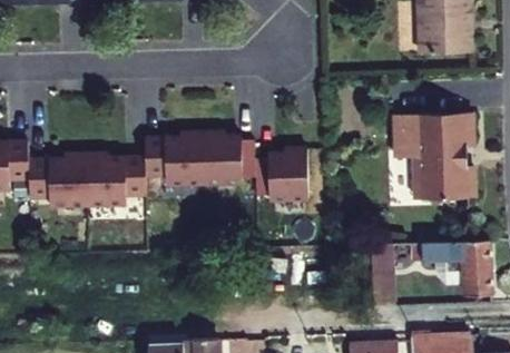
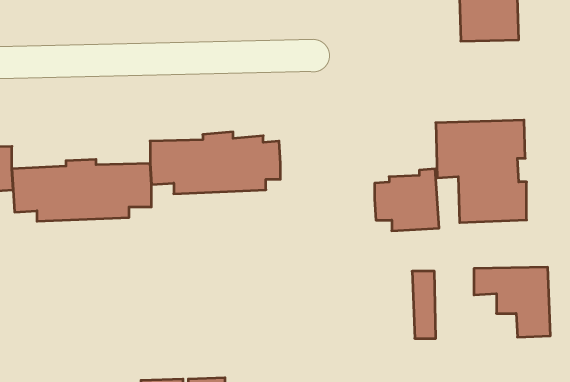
building: [264,141,318,194] -> [375,169,439,231]

